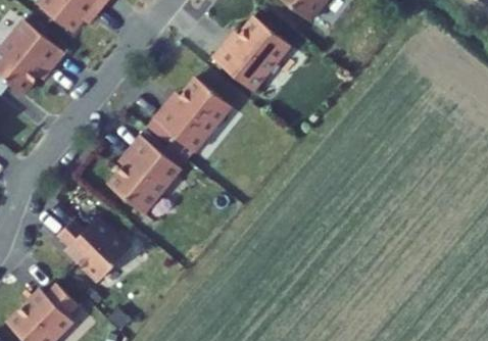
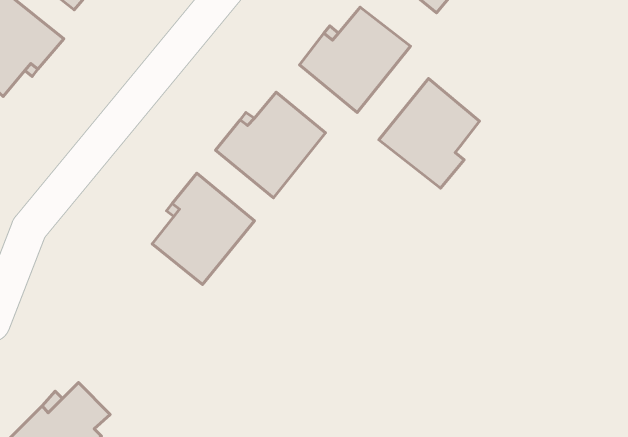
building: none -> [379,78,480,188]
building: [62,220,133,284] -> none

